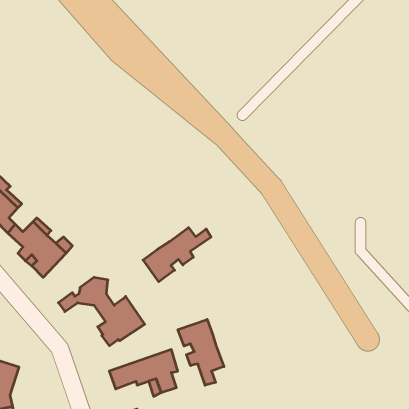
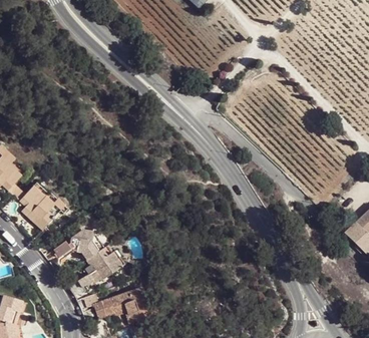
building: [143,228,211,282] -> none
building: [178,319,224,385] -> none

